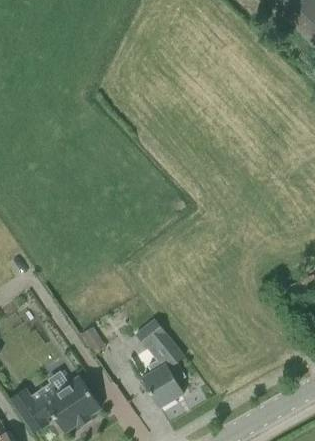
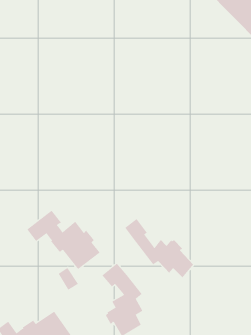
building: none -> [27,210,101,270]
building: none -> [124,218,194,278]

